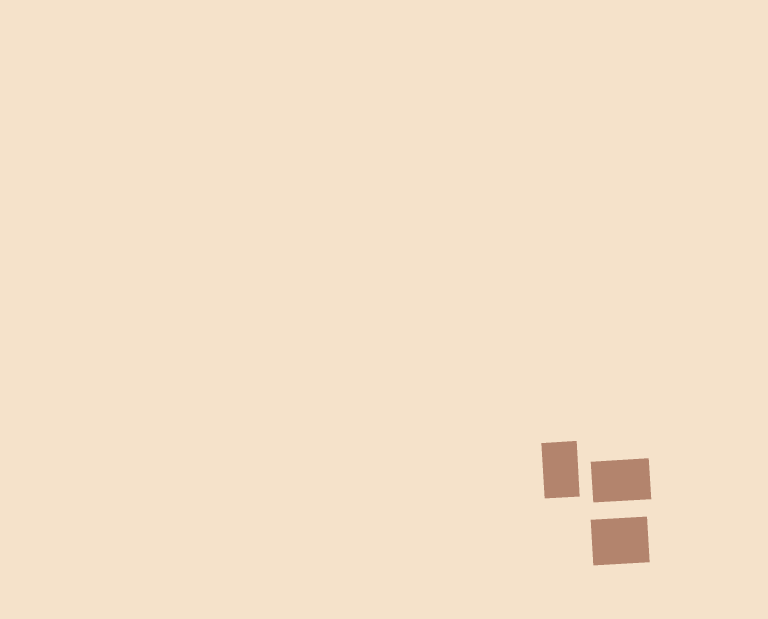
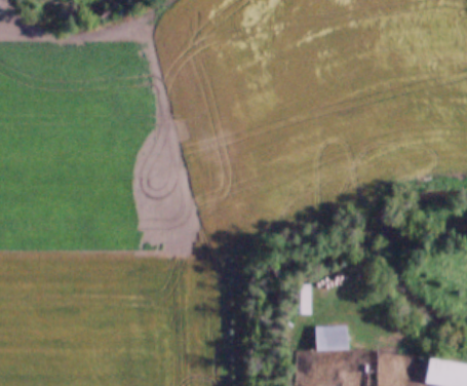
building: [590,458,652,503] -> none

